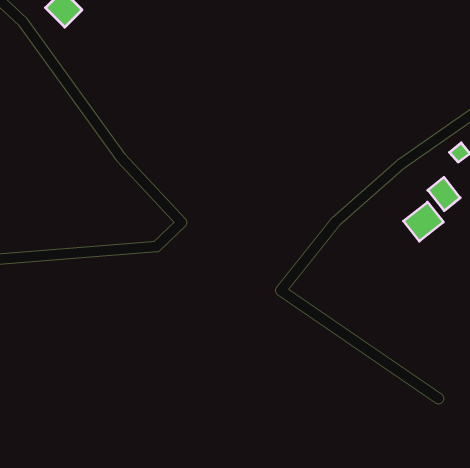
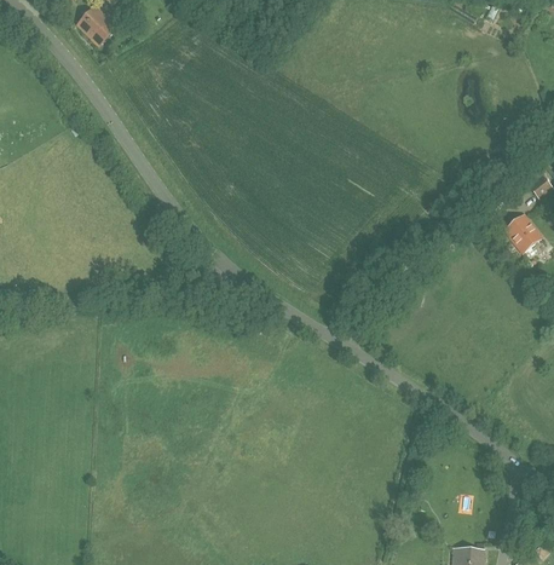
building: [403,202,443,241] -> none

